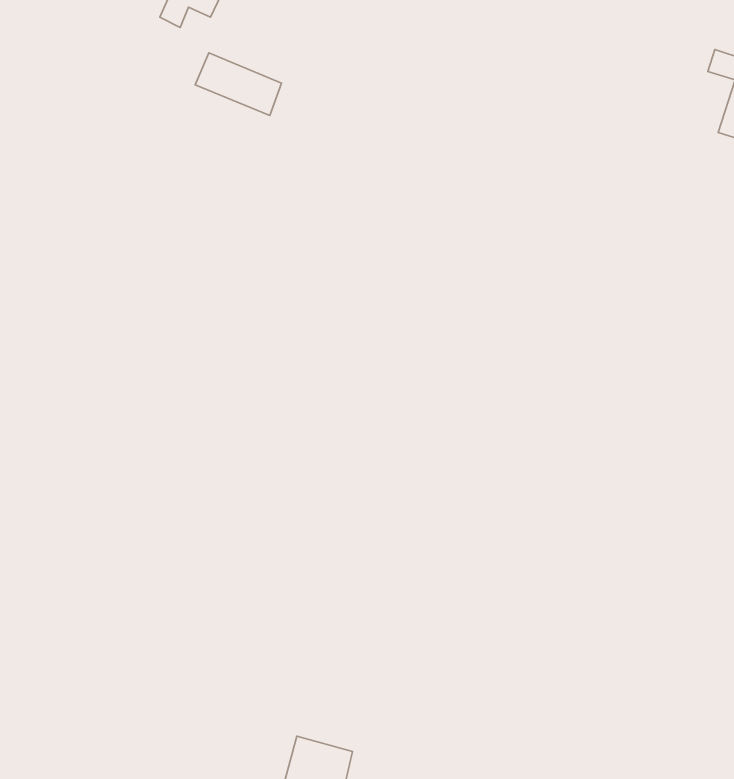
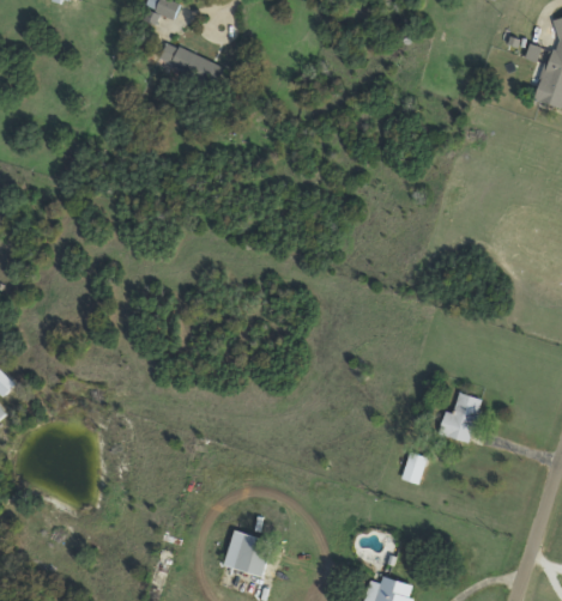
building: none -> [439,393,482,442]
building: none -> [401,451,427,484]

